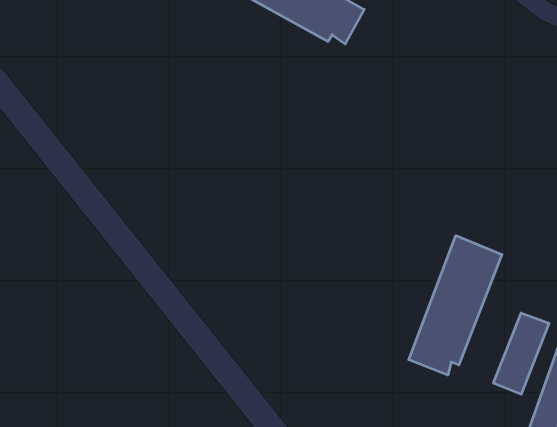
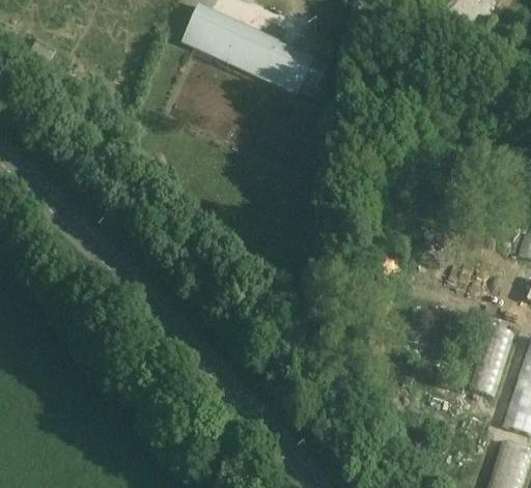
building: [409,236,502,375] -> none

